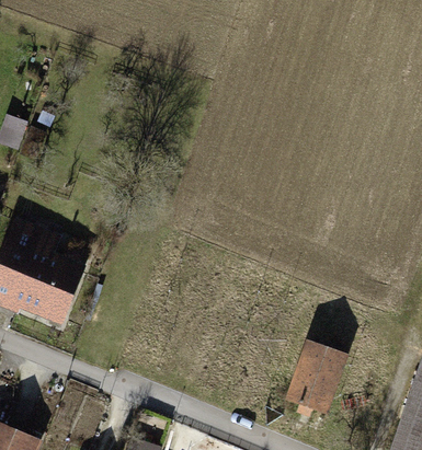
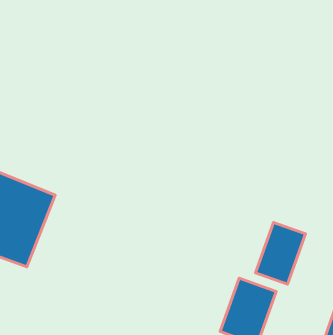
building: none -> [256,222,306,284]

